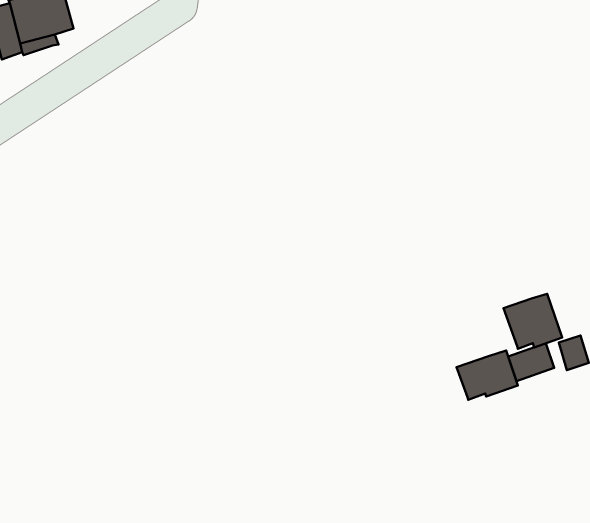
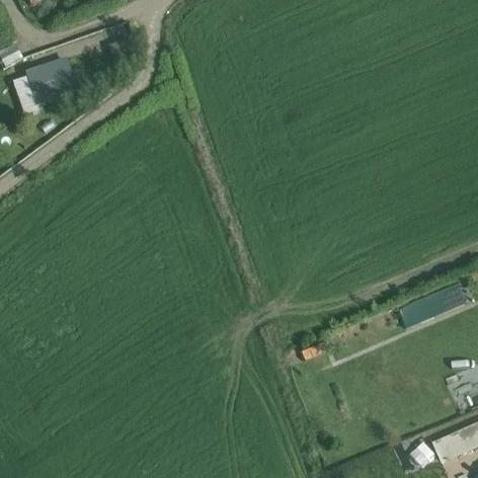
building: [503,294,562,349] -> none
building: [457,351,518,400] -> none

